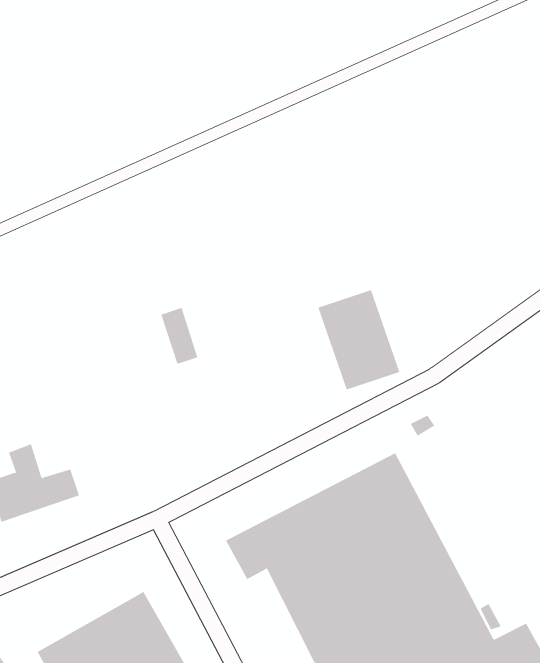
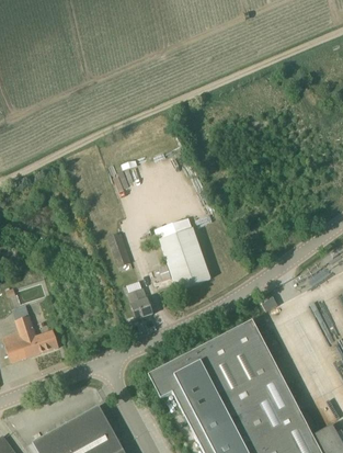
building: [318,290,400,390] -> [159,228,209,290]
building: none -> [127,288,151,319]

